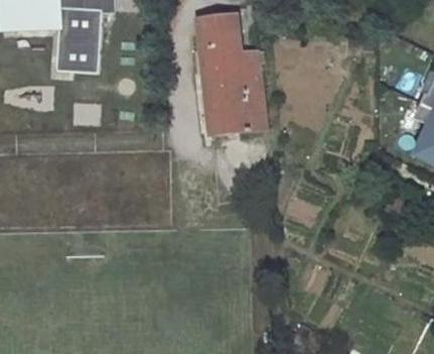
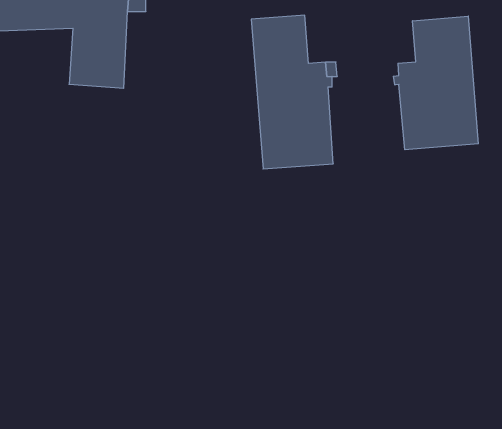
building: none -> [393,16,478,150]

